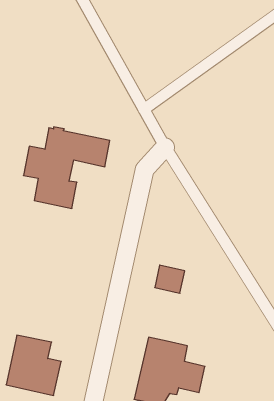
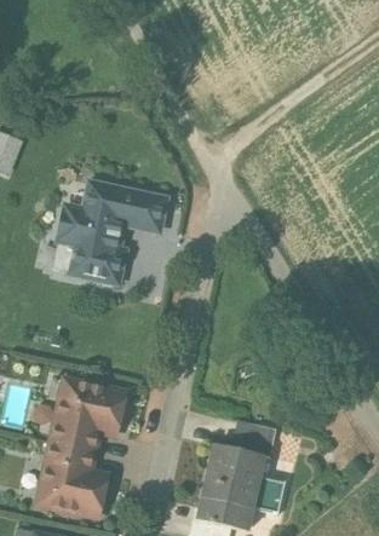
building: [155,265,185,293] -> [237,421,275,456]
building: none -> [50,380,122,450]

